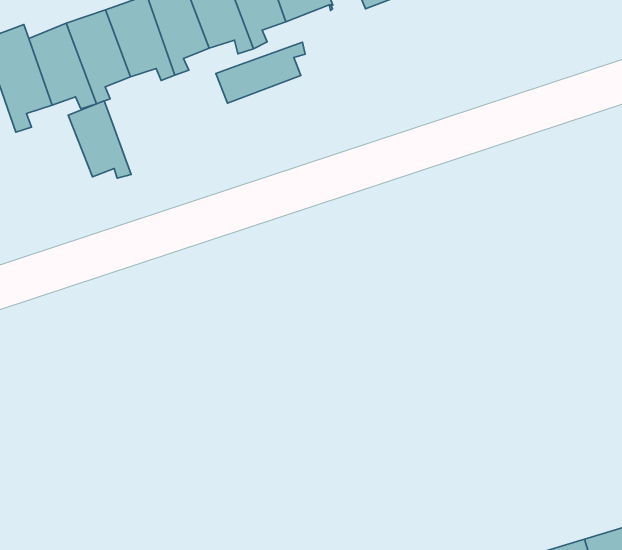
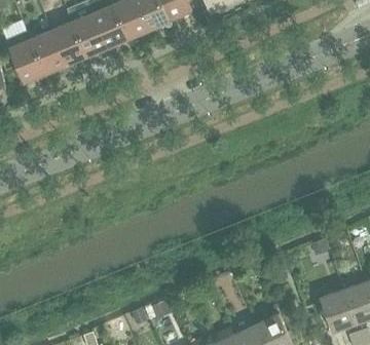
building: [216,42,305,103] -> none
building: [68,101,131,178] -> none

